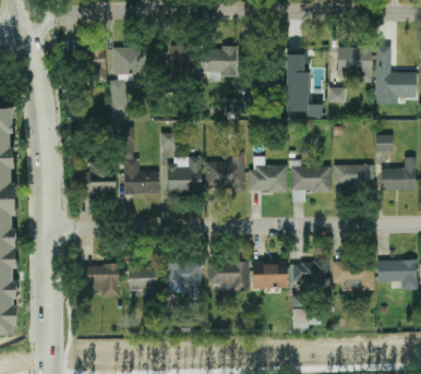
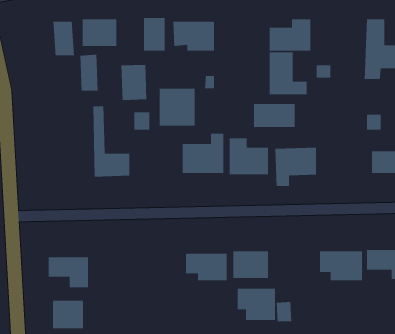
building: [337,48,370,81] -> none
building: none -> [121,64,147,101]
building: [167,157,201,193] -> [159,88,195,127]
building: [334,165,373,188] -> [253,103,296,128]
building: [76,171,113,194] -> none
building: [292,262,328,292] -> [237,288,276,321]
building: [168,263,200,299] -> none
building: [128,265,157,292] -> [52,300,84,329]

